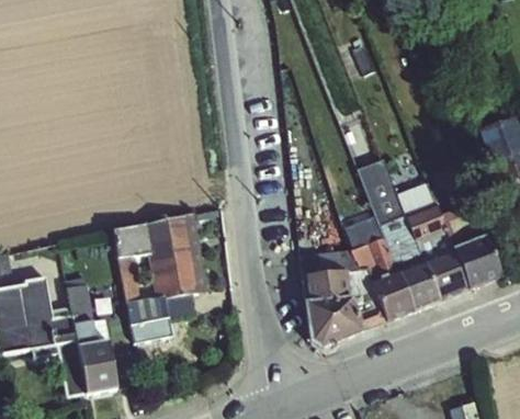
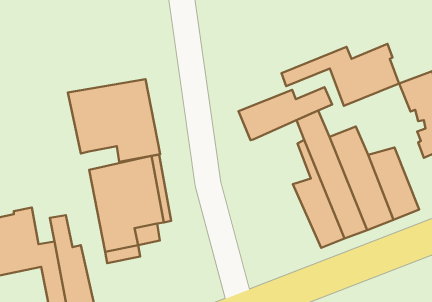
building: none -> [282,44,399,106]
building: none -> [68,79,160,162]
building: none -> [238,87,332,140]
building: [297,247,384,348] -> none

